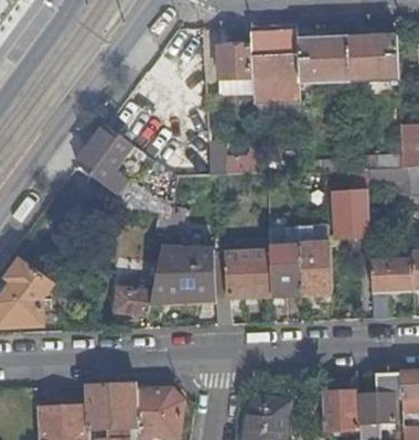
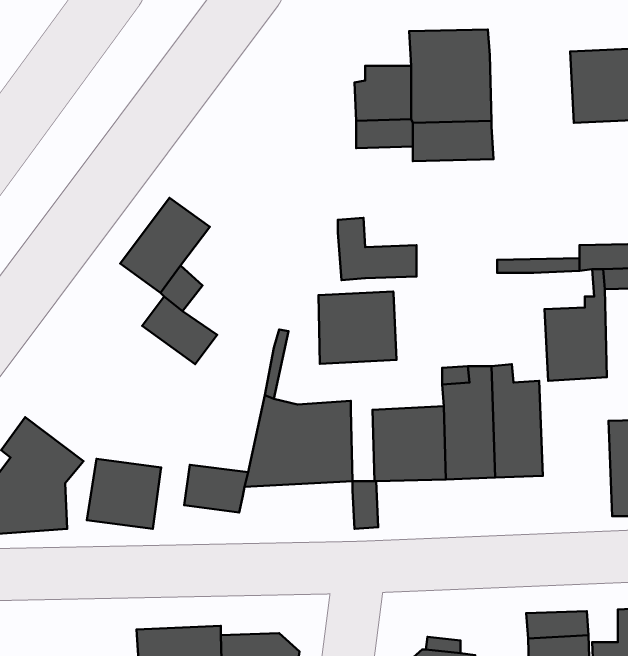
building: [299,36,350,82] -> none
building: none -> [318,292,397,364]
building: none -> [87,459,161,529]

